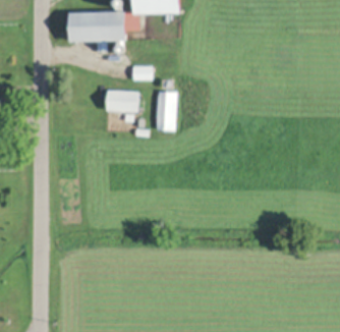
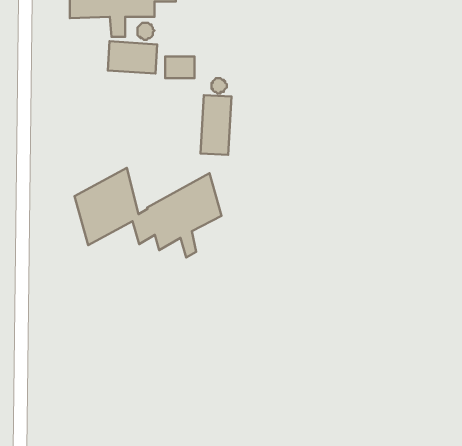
building: [105,90,137,111] -> [108,41,157,74]
building: none -> [74,168,222,258]

